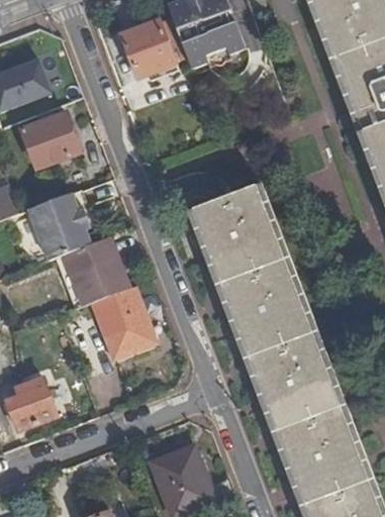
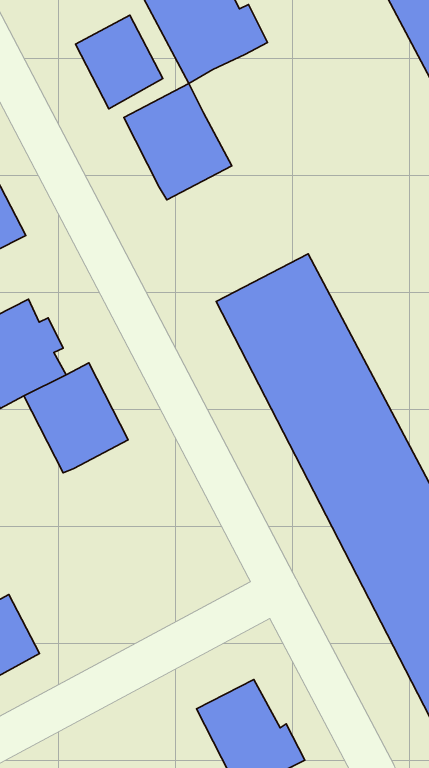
building: none -> [124,84,232,200]
building: [91,286,152,357] -> none

